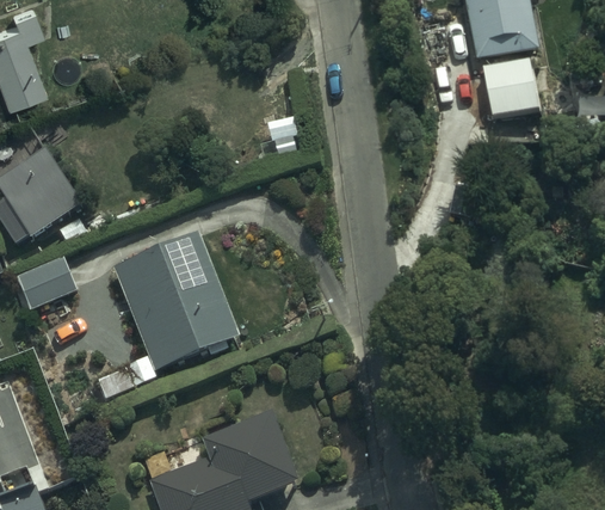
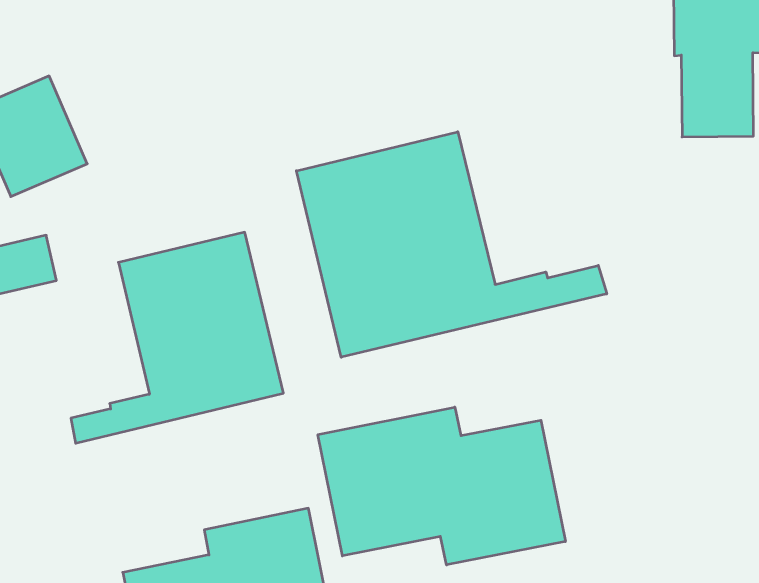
building: none -> [296,132,607,357]
building: none -> [318,407,565,565]

